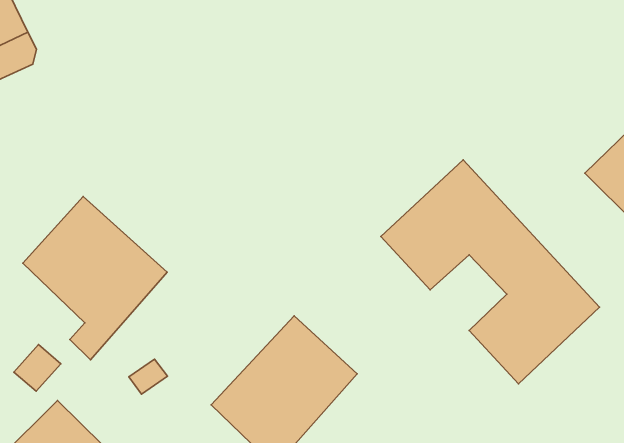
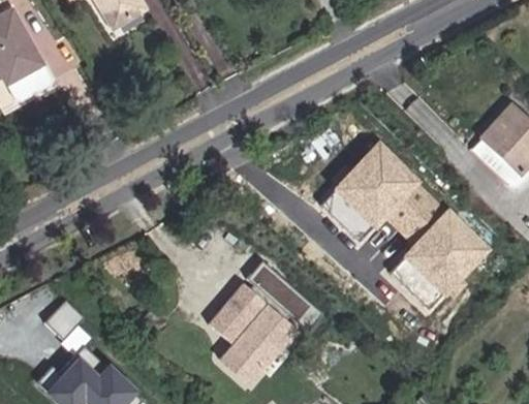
building: [23,196,167,360] -> none

